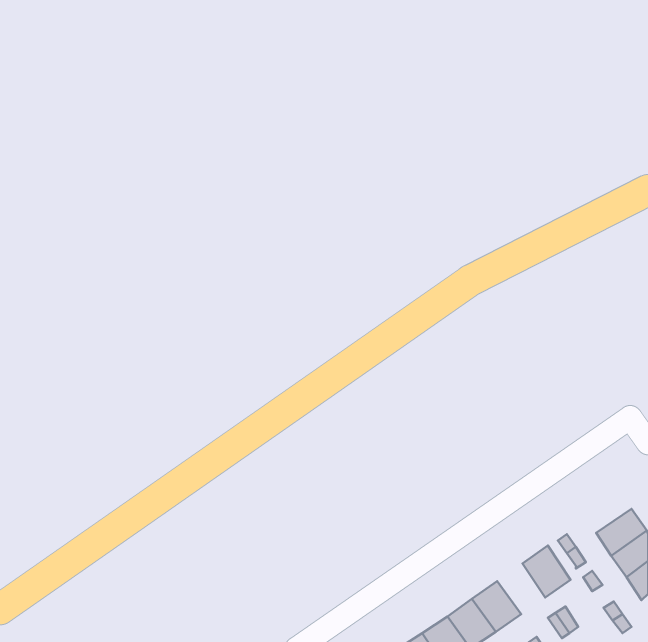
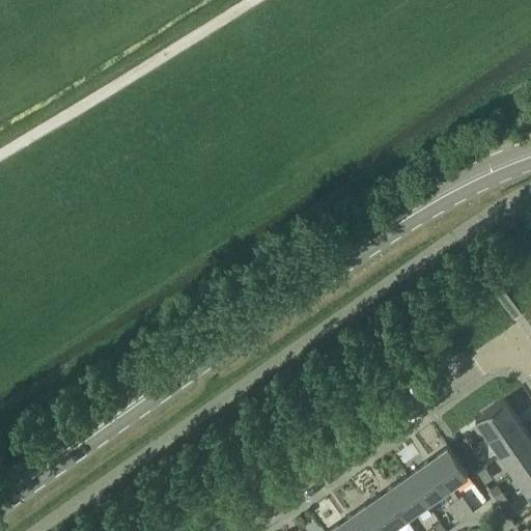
building: none -> [475,402,516,441]
building: none -> [407,466,446,507]

